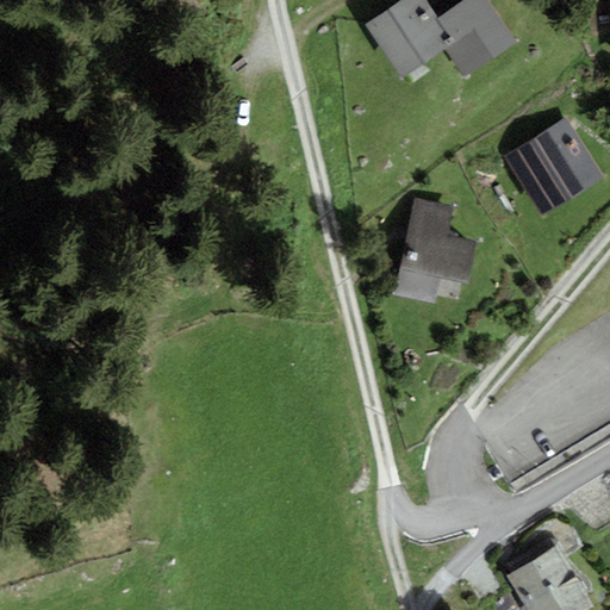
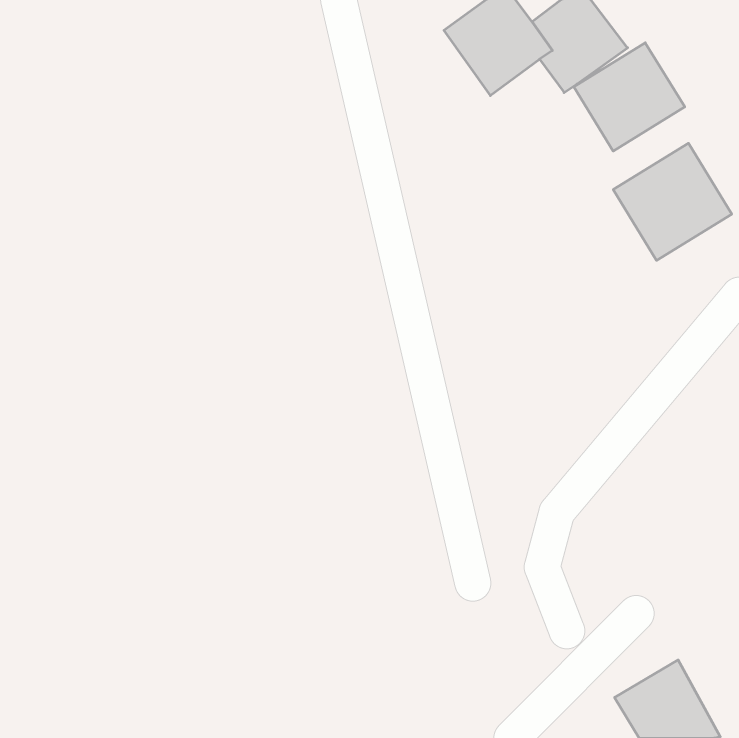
building: none -> [574,43,685,151]
building: [393,198,478,300] -> none

